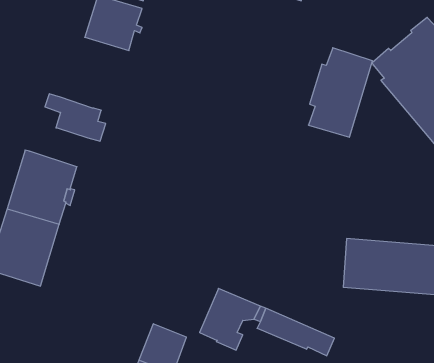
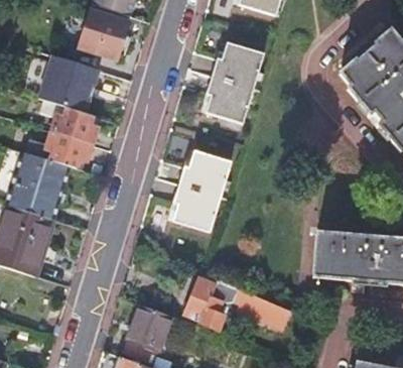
building: none -> [40,52,100,111]
building: [308,48,373,137] -> [206,40,264,122]
building: none -> [28,129,94,166]
building: none -> [172,149,231,229]

